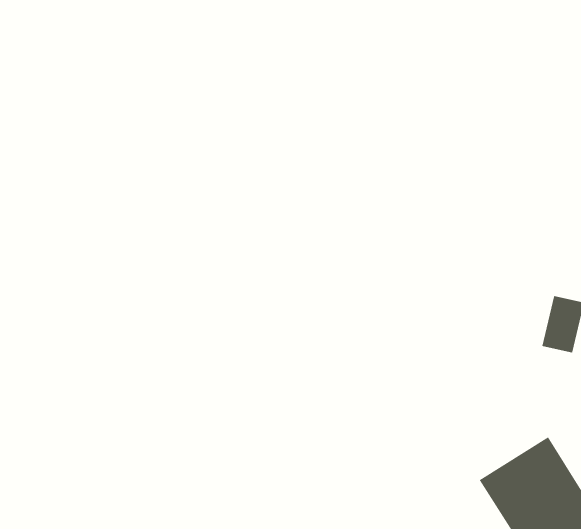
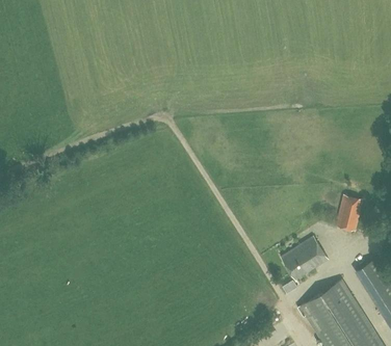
building: none -> [281,236,328,280]

